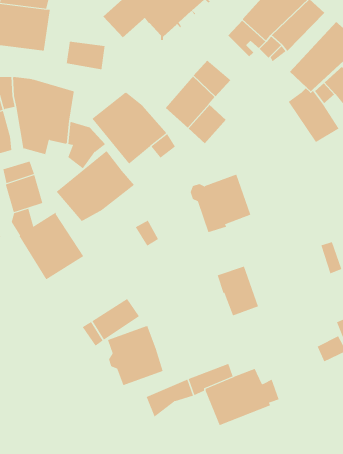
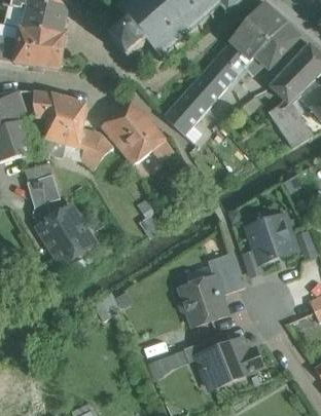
building: none -> [200,54,237,92]
building: [66,41,105,70] -> none
building: [56,150,135,222] -> none
building: [190,174,251,233] -> [246,213,298,263]
building: [107,326,164,386] -> [179,274,227,326]

